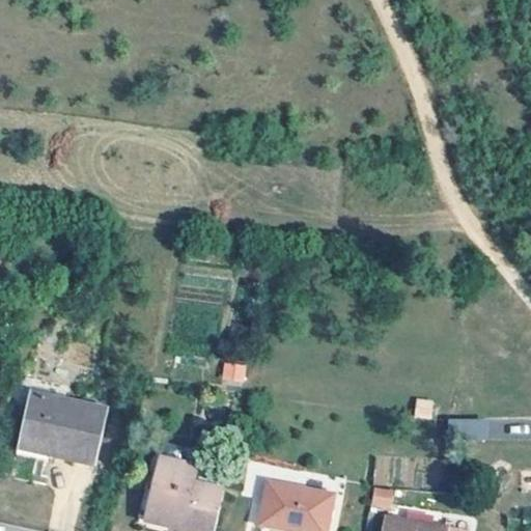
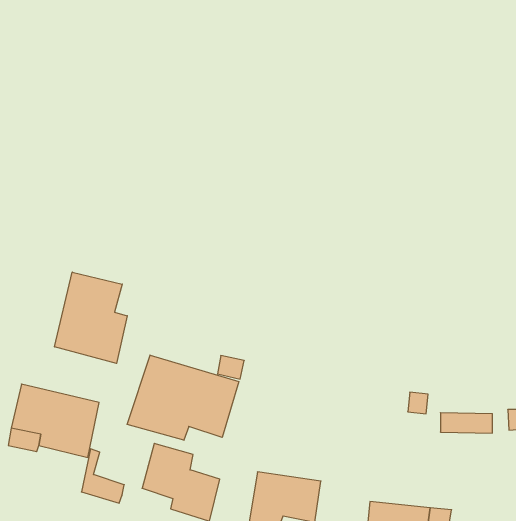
building: none -> [55,272,127,363]
building: none -> [127,355,239,440]
building: [138,471,181,526] -> [81,449,124,503]

